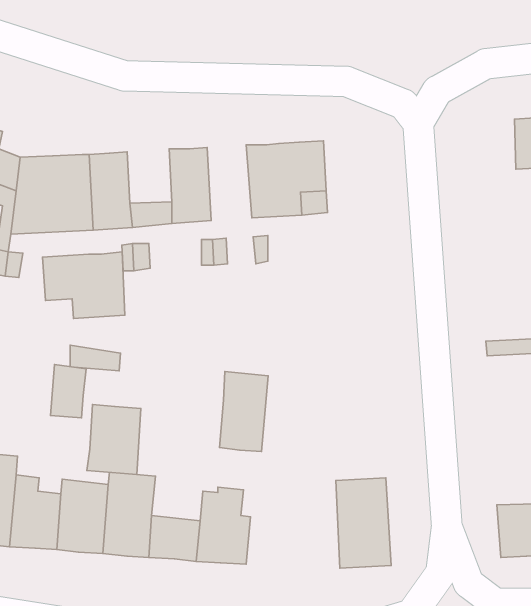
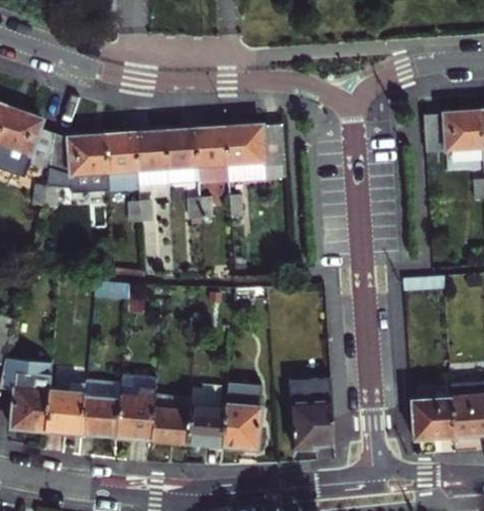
building: none -> [195,130,228,186]
building: none -> [135,133,168,173]
building: [43,252,125,319] -> none
building: [51,365,86,418] -> none
building: [220,372,268,451] -> [224,386,260,445]
building: [87,405,141,475] -> none

